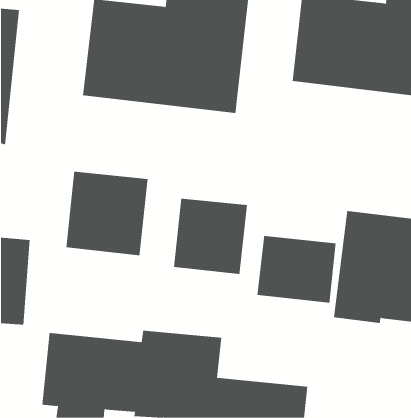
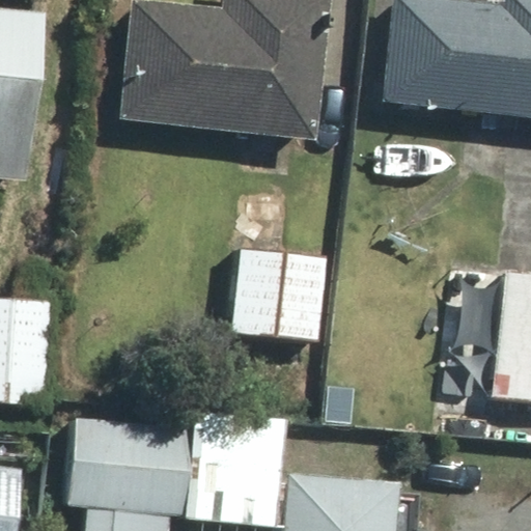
building: [66,171,148,256] -> none
building: [257,235,336,304] -> none

